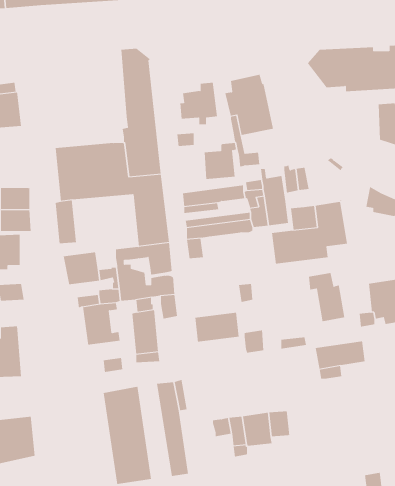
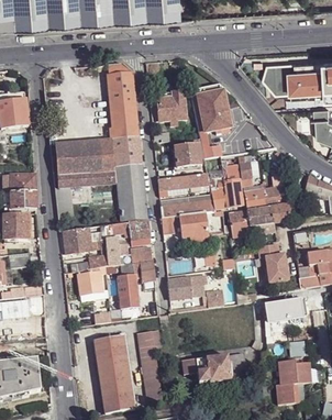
building: none -> [179,211,208,237]
building: none -> [276,361,312,404]

